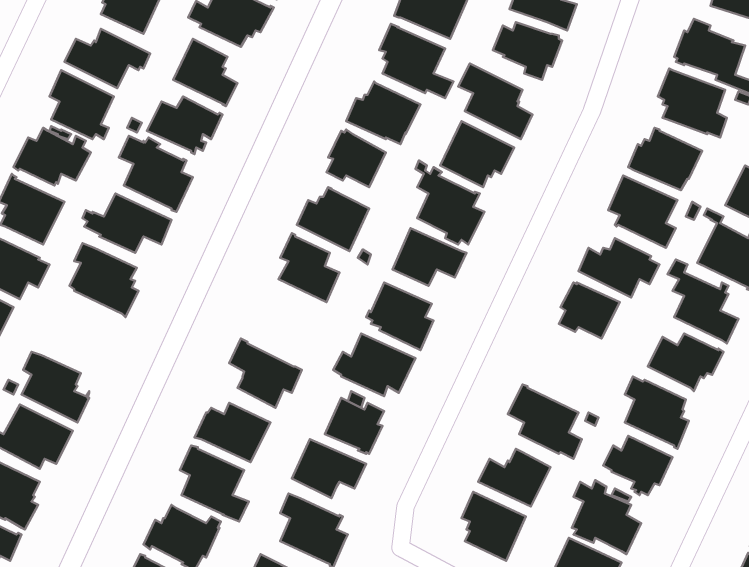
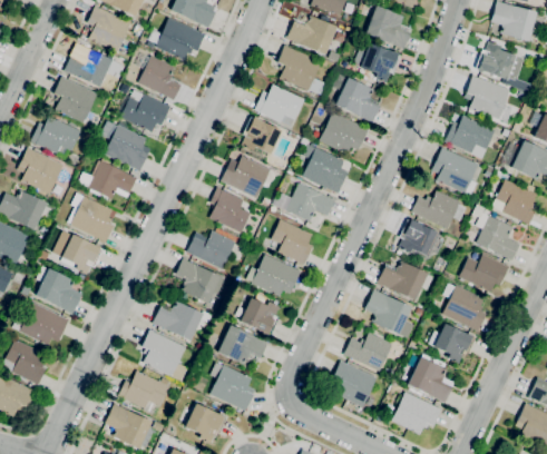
building: none -> [187,230,236,269]
building: none -> [61,234,104,275]
building: none -> [377,260,433,302]

